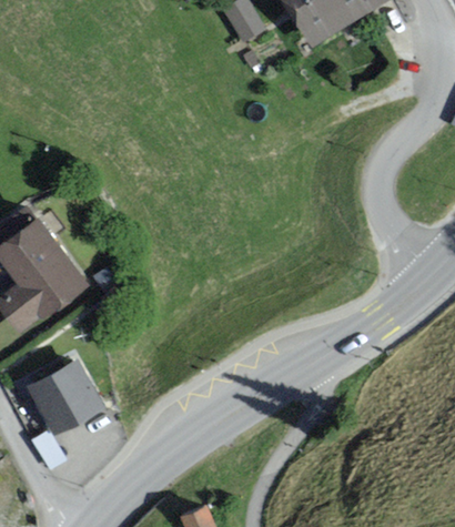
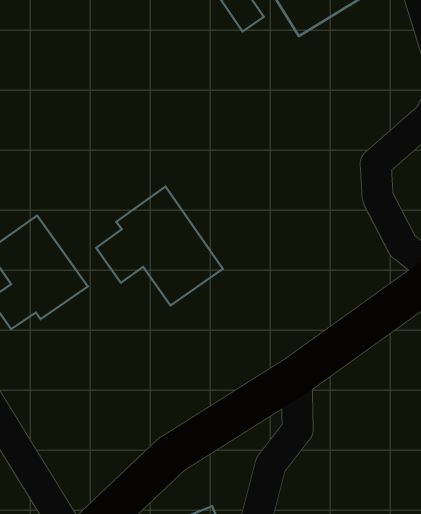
building: none -> [96,186,223,305]
building: [31,361,107,433] -> none

